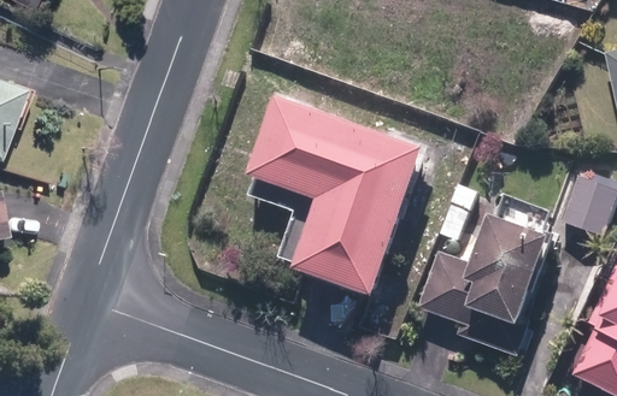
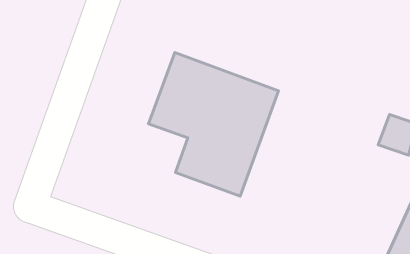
building: [418,209,553,347] -> none

